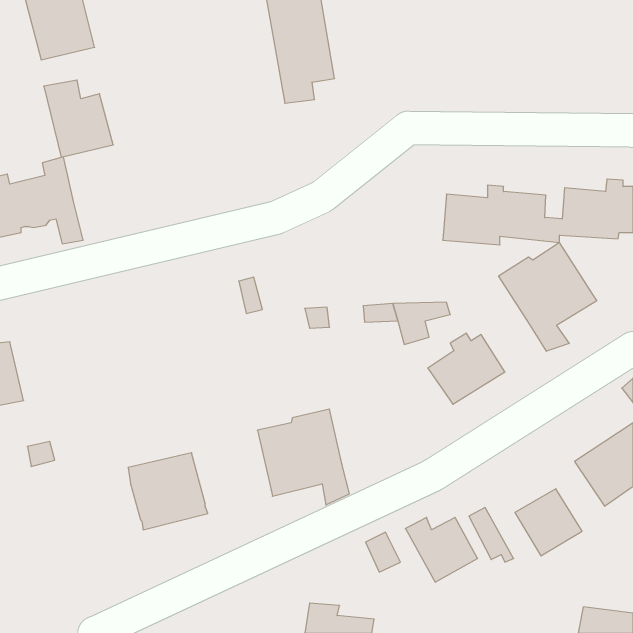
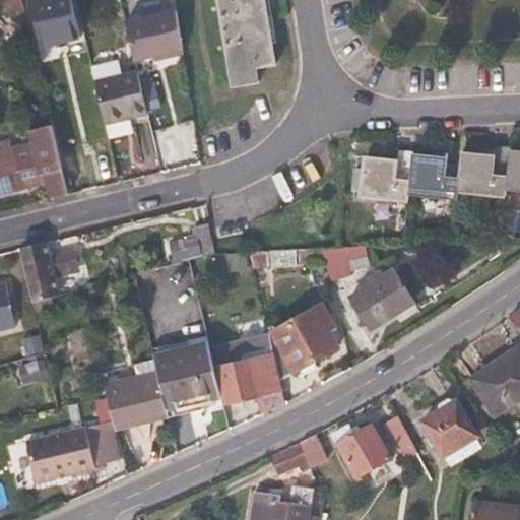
building: none -> [124,11,183,62]
building: [44,80,113,157] -> [90,61,147,124]
building: [499,242,597,351] -> none
building: none -> [23,240,80,302]
building: none -> [271,306,338,373]
building: none -> [153,344,221,413]
building: none -> [27,425,124,483]
building: none -> [266,443,310,483]

